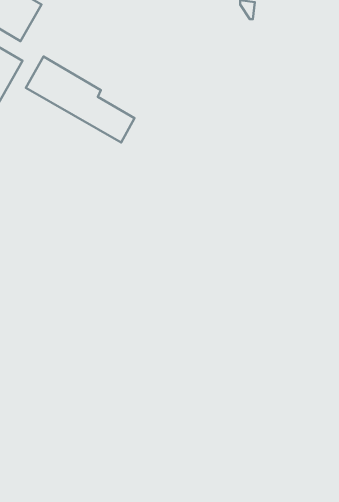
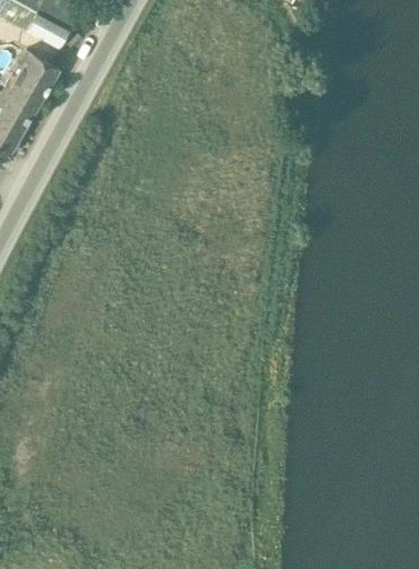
building: [26,57,135,142] -> none

